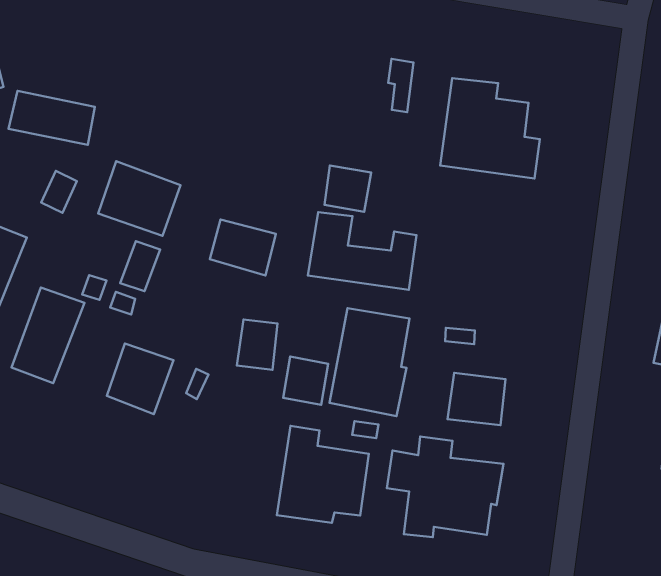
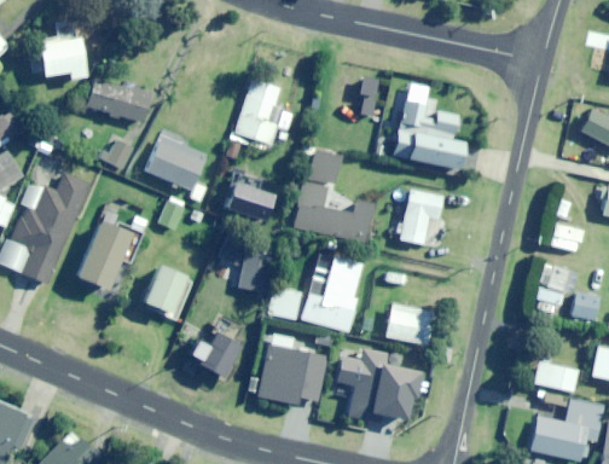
building: none -> [232,79,280,149]
building: none -> [400,188,442,243]
building: none -> [196,320,240,378]

